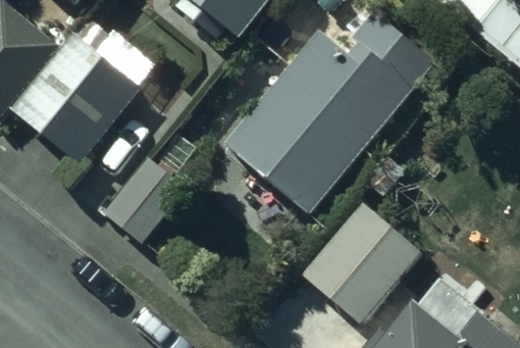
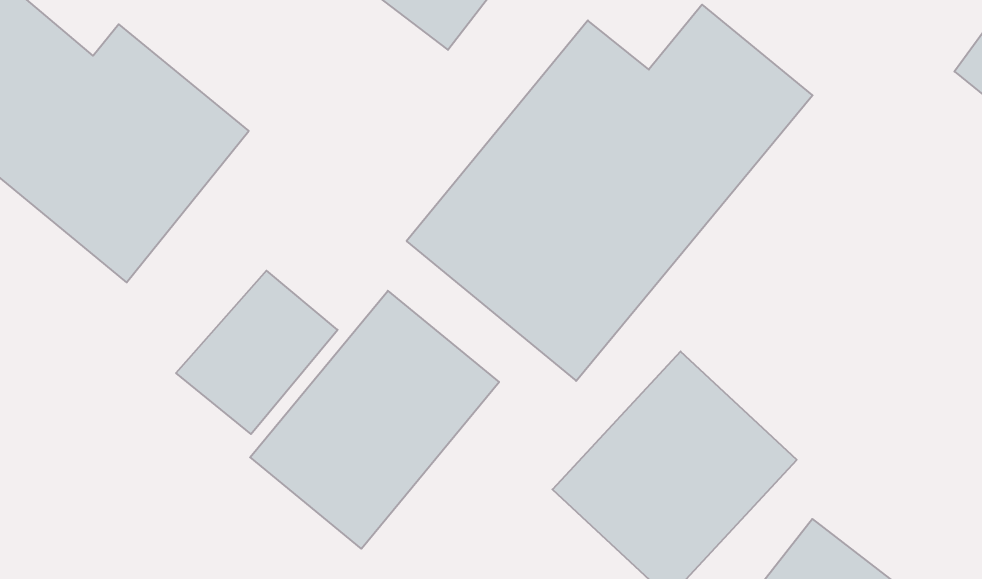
building: none -> [250,291,499,549]

